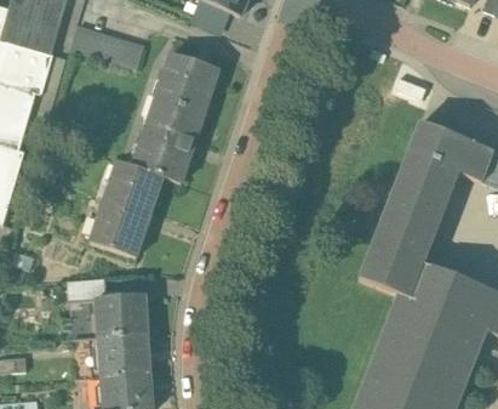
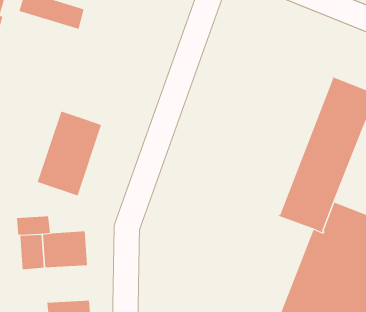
building: [134,53,218,182] -> none
building: [98,334,150,375] -> none

